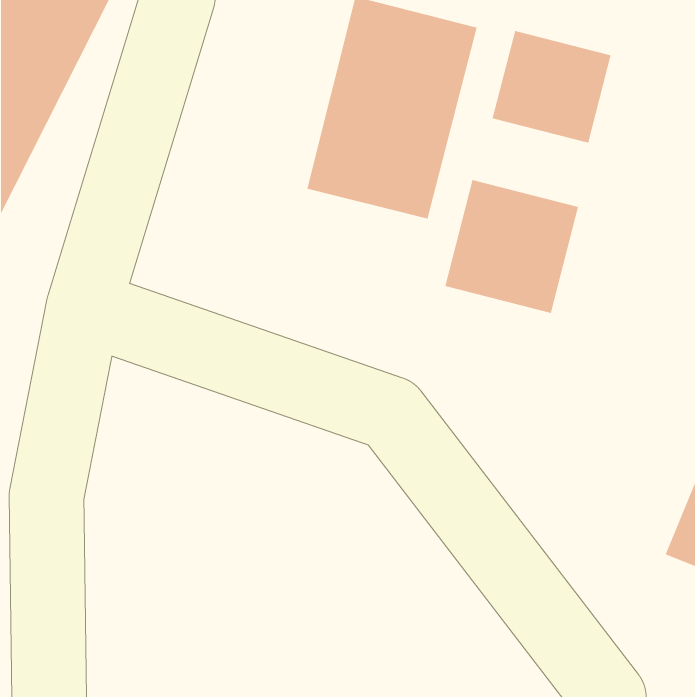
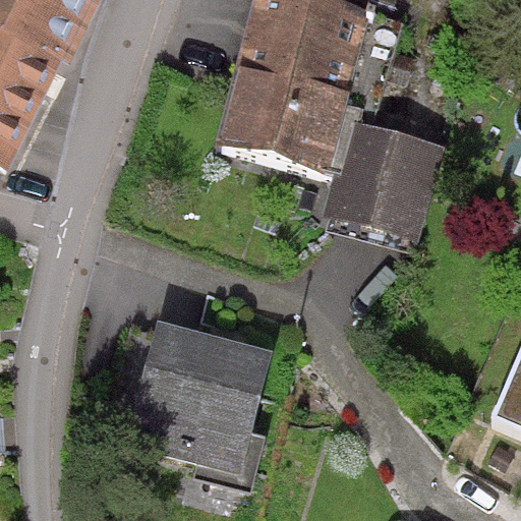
building: [492,30,611,144] -> none
building: none -> [133,336,262,466]

